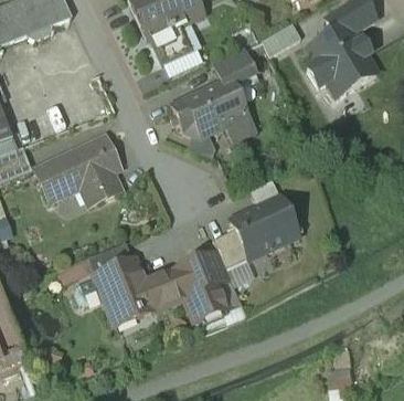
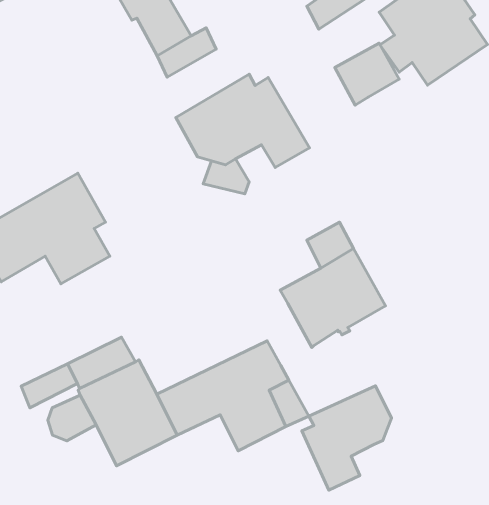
building: [212,49,253,87] -> [335,43,399,105]
building: [211,230,246,270] -> none
building: none -> [302,386,391,490]

